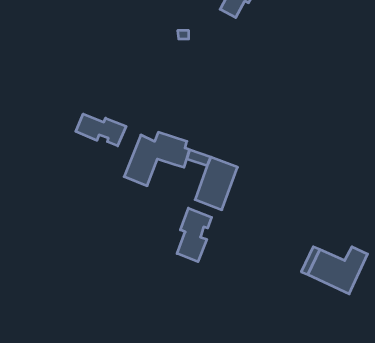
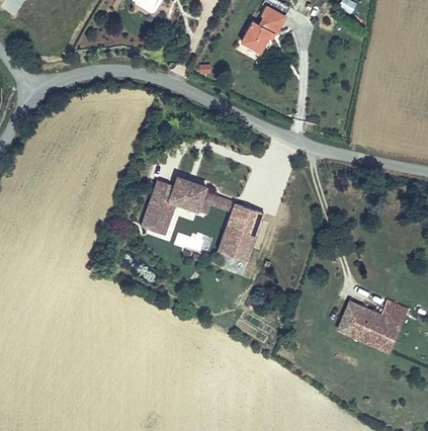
building: [76,114,126,146] -> none
building: [177,208,212,262] -> none

